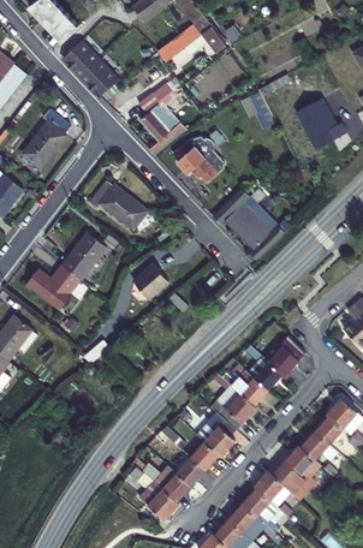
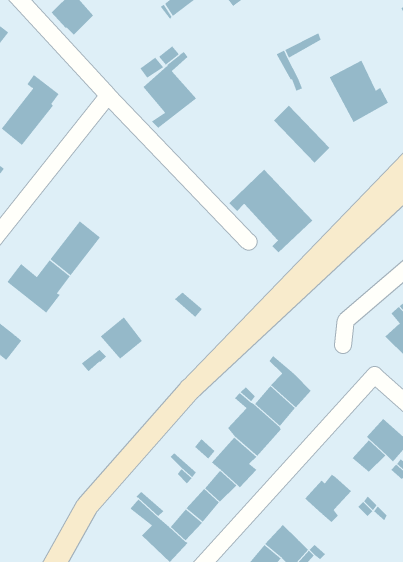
building: [82,60,118,97] -> none
building: none -> [273,105,330,163]
building: [175,139,219,174] -> none
building: [88,179,148,230] -> none
building: [132,262,168,298] -> [100,317,143,360]
building: [267,335,305,376] -> none
building: [302,431,337,459] -> none
building: [255,465,290,500] -> none

